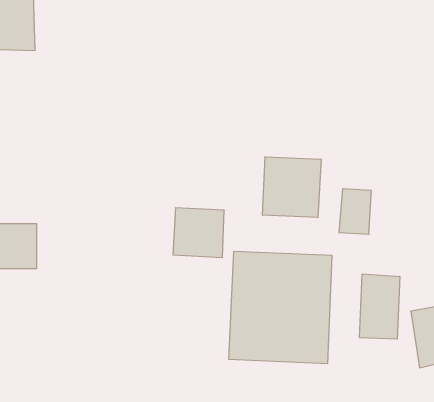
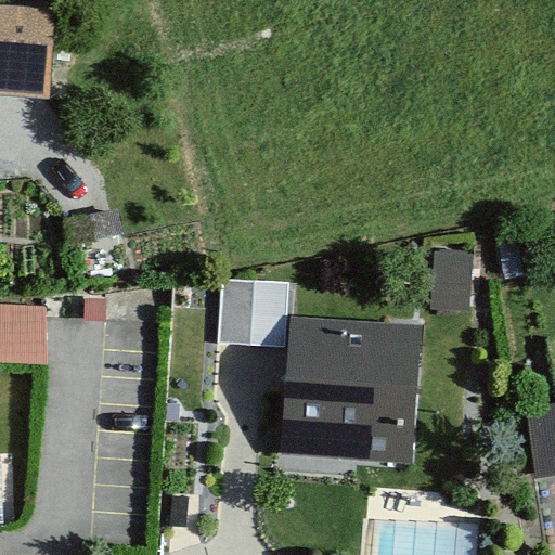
building: [263,157,321,218] -> none
building: [360,274,400,339] -> none

